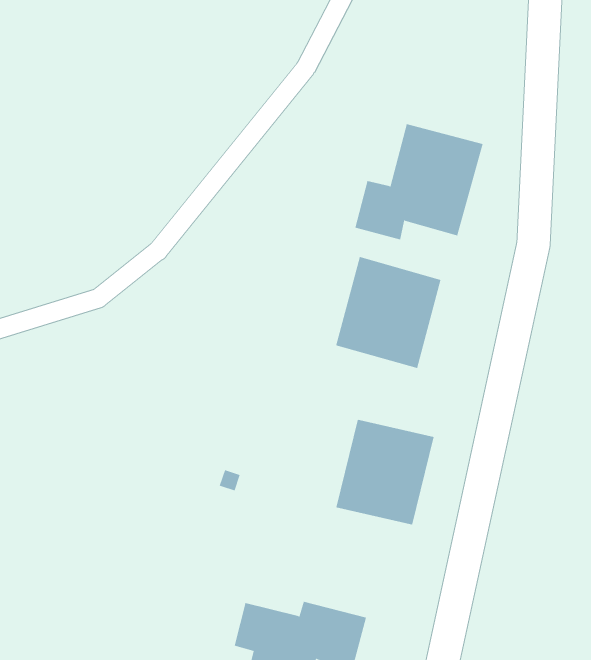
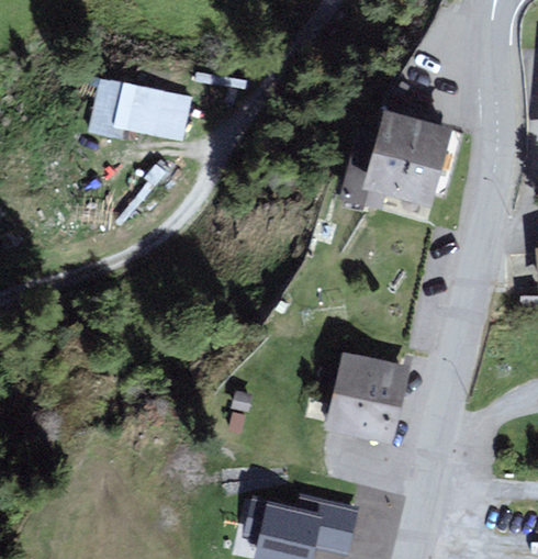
building: none -> [94,83,189,135]
building: [336,256,441,369] -> none

